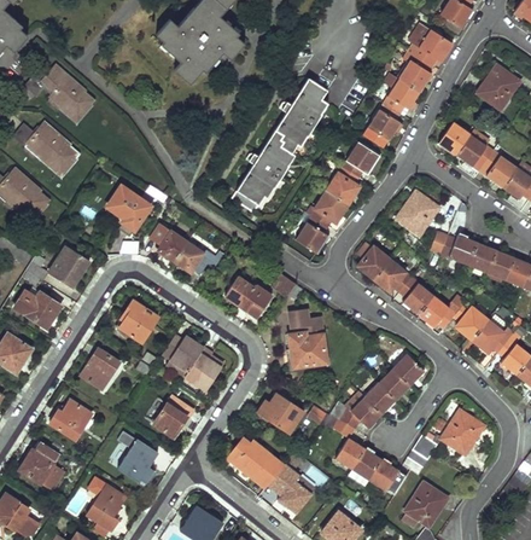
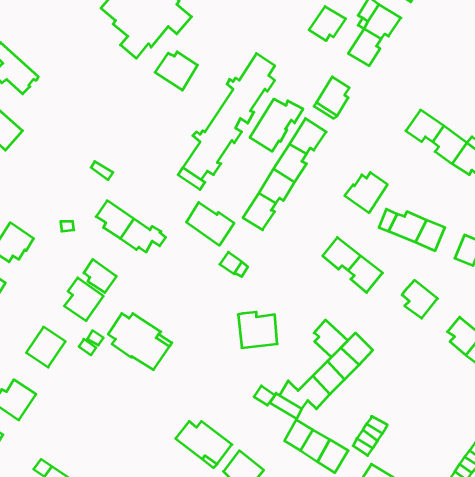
building: [477,70,519,109] -> none
building: none -> [155,52,198,90]
building: [384,79,420,112] -> [309,6,346,41]
building: [439,122,471,155] -> none
building: none -> [250,99,303,151]
building: [107,187,150,237] -> none
building: [356,242,389,278] -> none
building: [485,250,514,280] -> none
building: [226,277,273,319] -> [186,202,234,245]
building: none -> [84,259,116,293]
building: [418,295,455,327] -> none
building: [292,310,327,338] -> none
building: [472,320,509,353] -> none
building: none -> [314,320,348,357]
building: [258,393,304,434] -> none
building: [154,395,196,437] -> none
building: [442,411,491,453] -> none
building: [118,439,159,486] -> none

